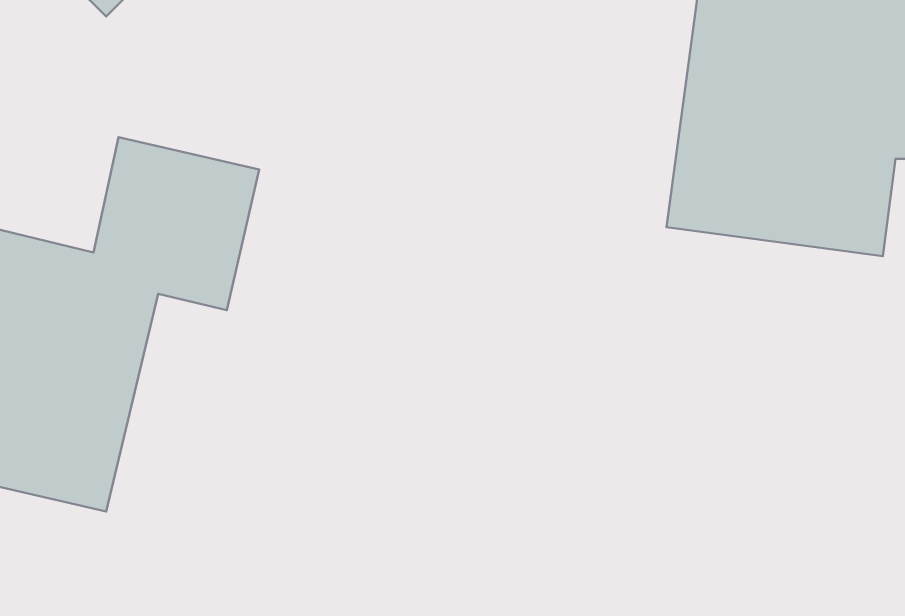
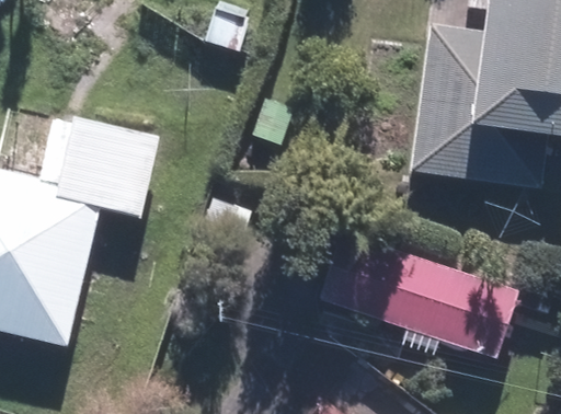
building: none -> [323,235,517,357]

